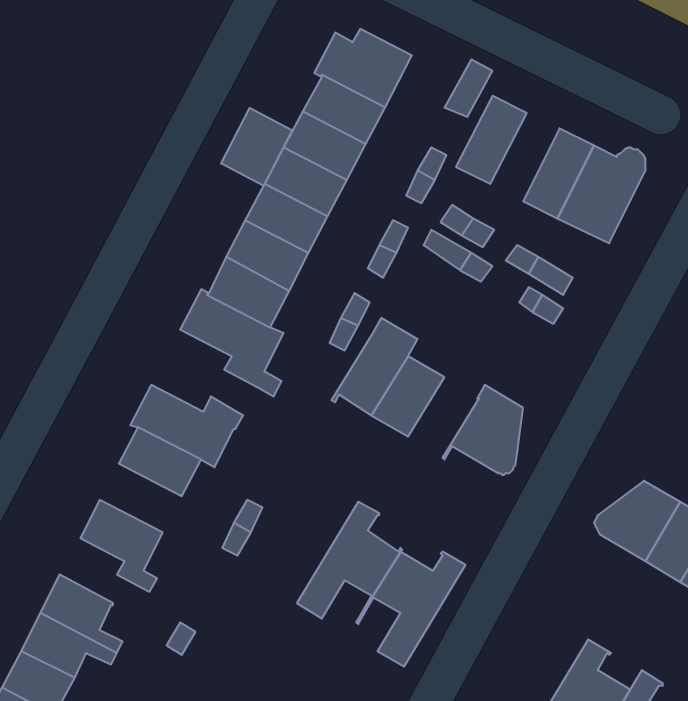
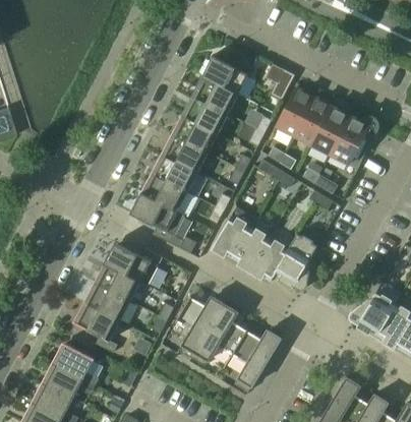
building: [221,108,292,186] -> none
building: none -> [294,98,331,144]
building: none -> [250,238,288,281]
building: none -> [86,284,130,320]
building: none -> [175,295,224,358]

